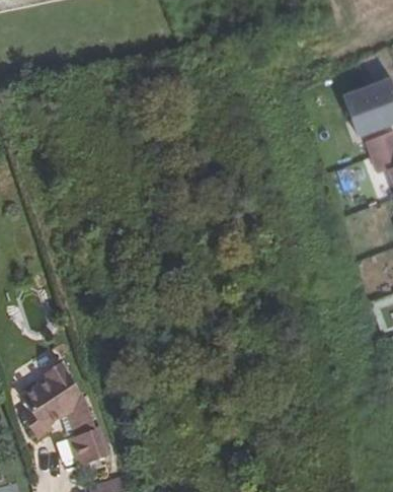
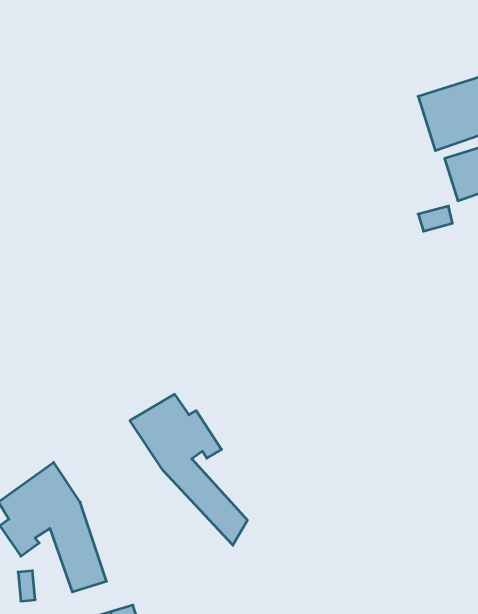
building: none -> [130,394,247,545]

